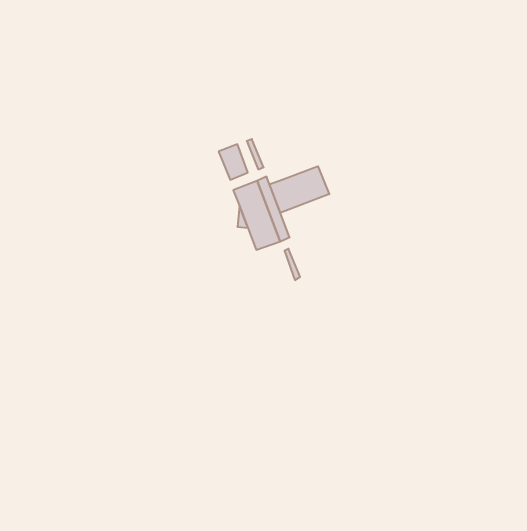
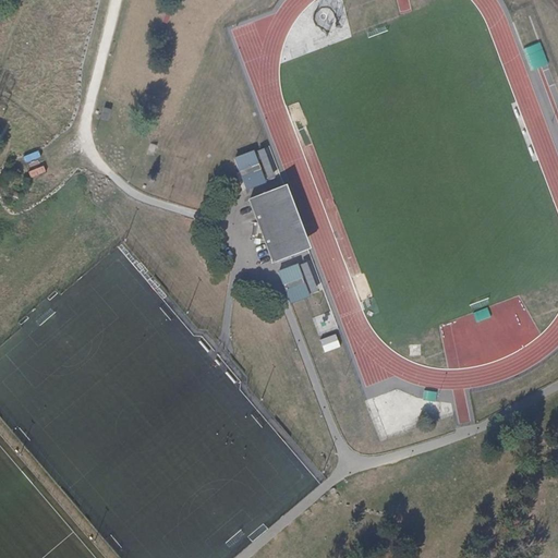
building: [270,166,329,213] -> none
building: none -> [280,263,312,301]

